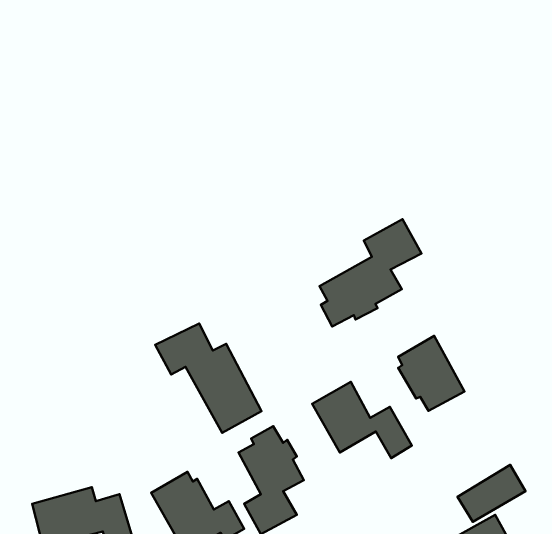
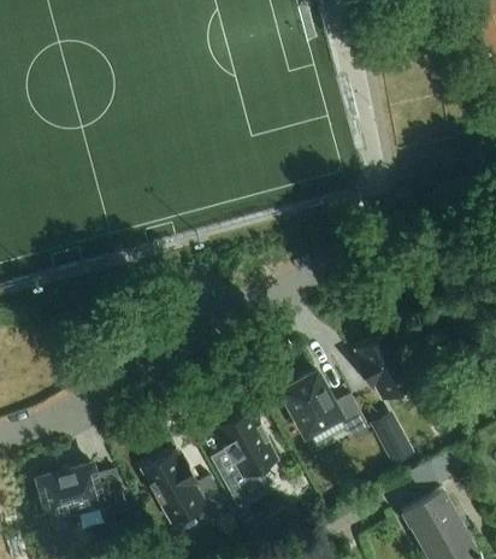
building: [320,219,422,326] -> none
building: [155,324,262,433] -> none
building: none -> [371,414,414,466]

